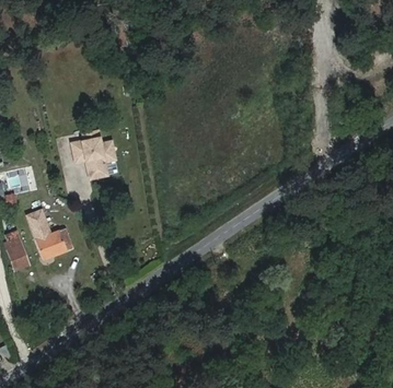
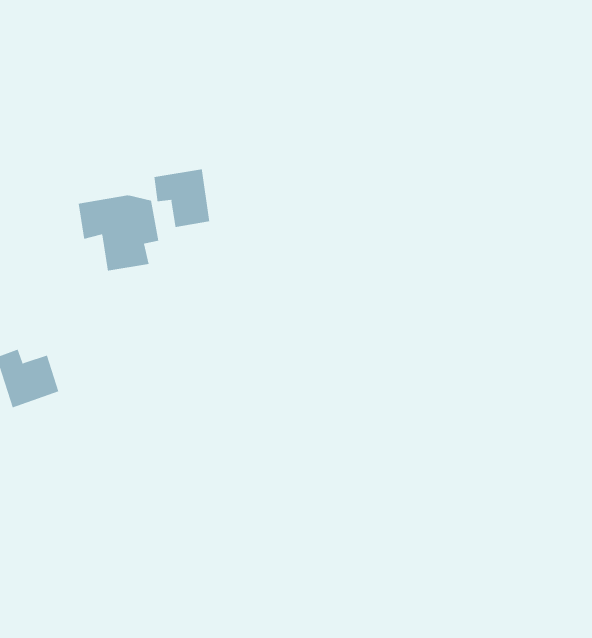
building: none -> [154,168,210,228]

